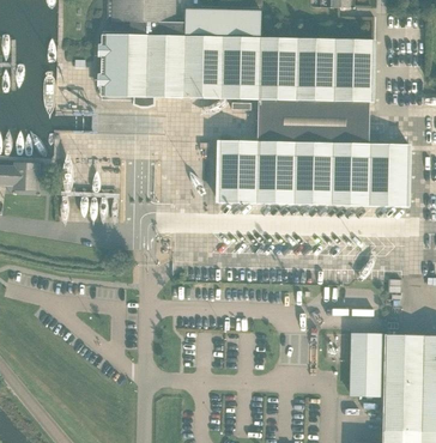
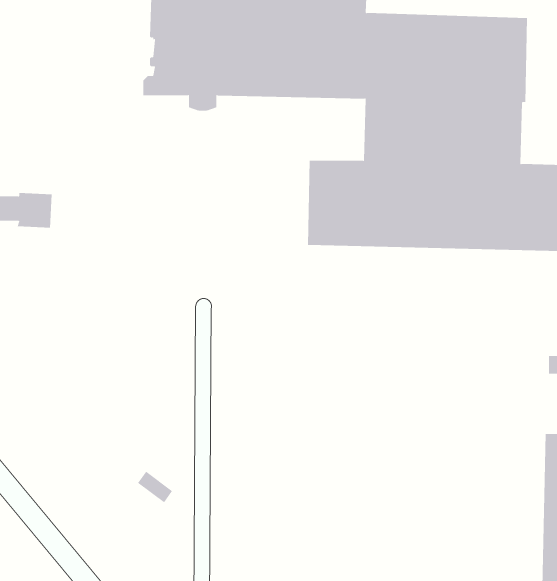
building: [350,333,382,394] -> none

